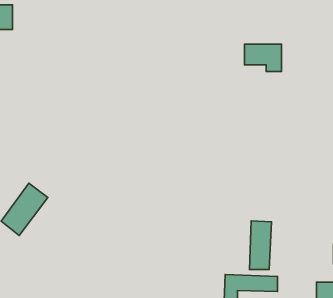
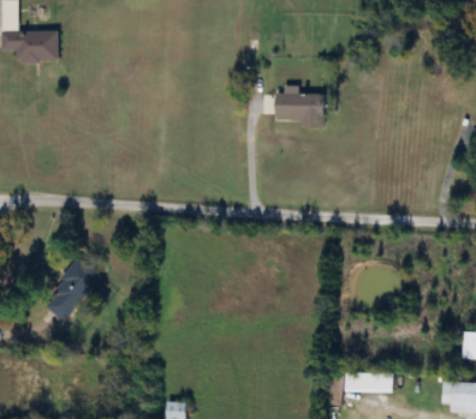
building: [244,44,281,72] -> [274,91,321,126]
building: [249,221,271,270] -> none

